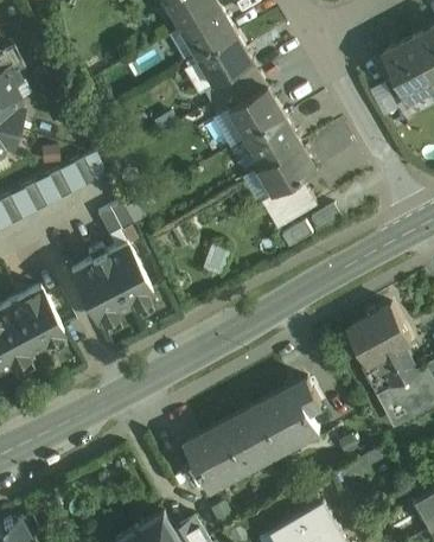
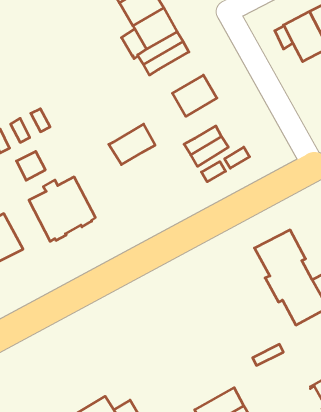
building: [229,88,283,139] -> none
building: [257,145,314,195] -> [109,124,155,165]
building: [96,202,132,237] -> [16,151,45,180]
building: [187,380,319,490] -> none

